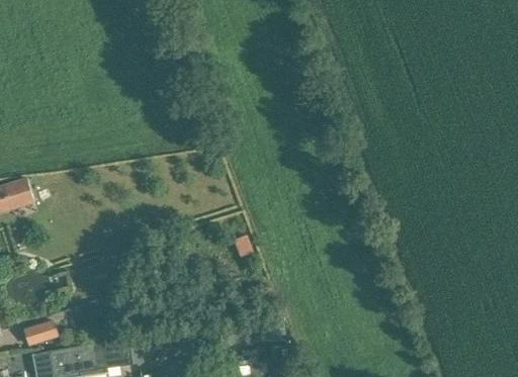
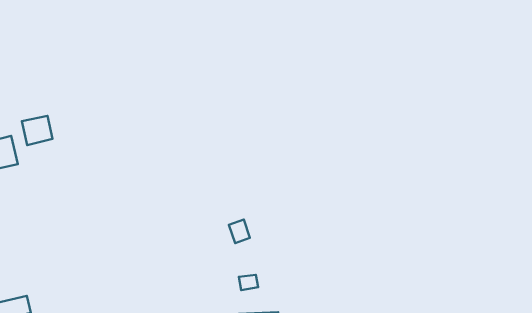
building: none -> [22,116,52,145]

